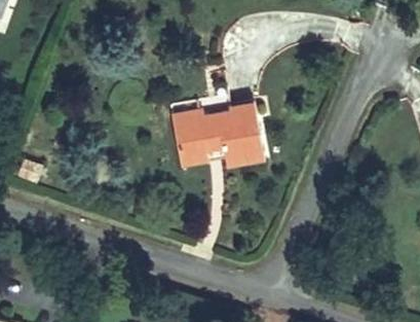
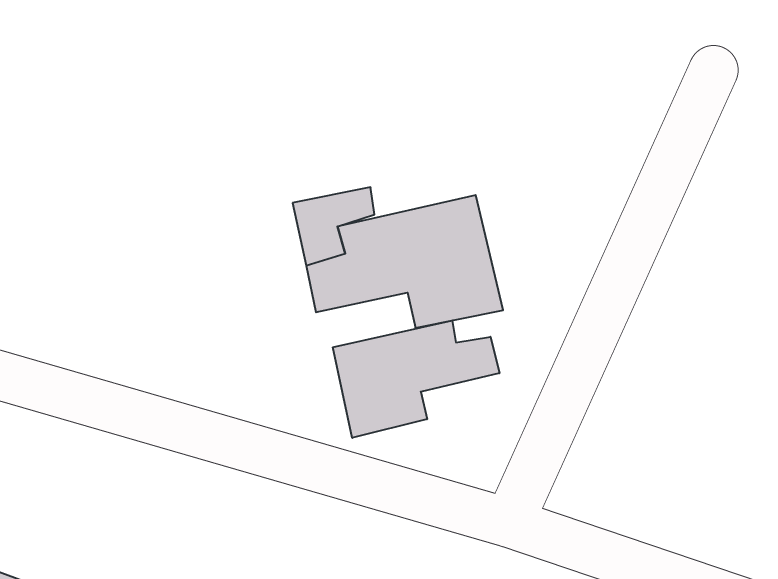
building: none -> [333,320,499,438]

